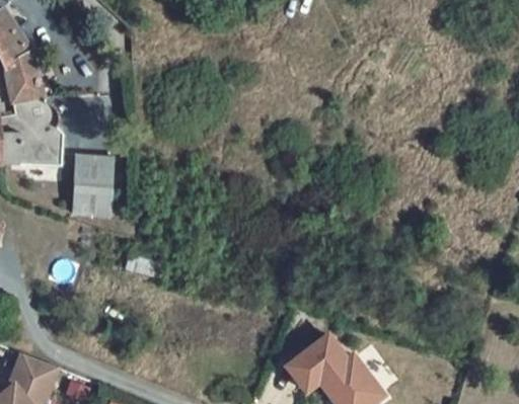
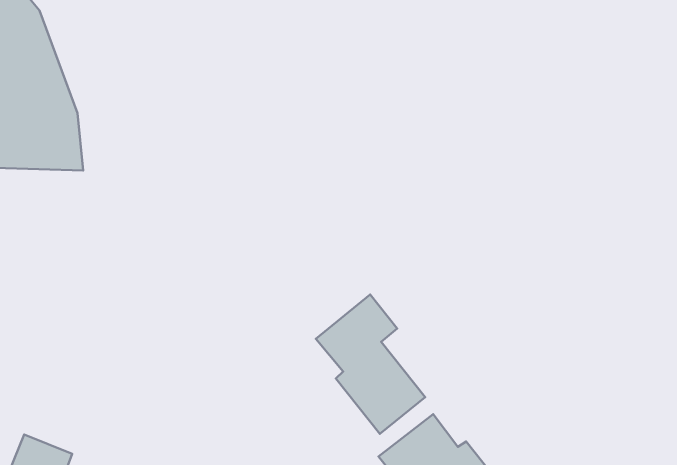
building: [73,156,114,215] -> none
building: none -> [316,295,425,434]

